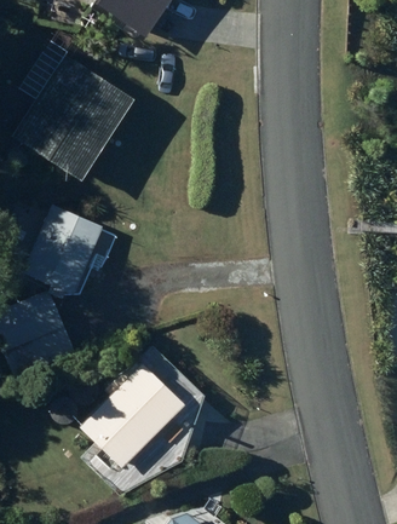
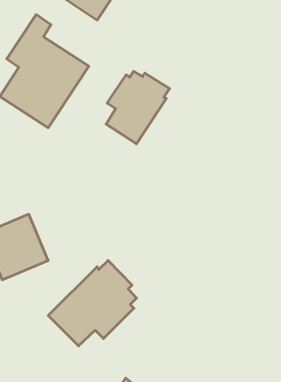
building: none -> [106,71,170,144]
building: [28,208,123,296] -> none

